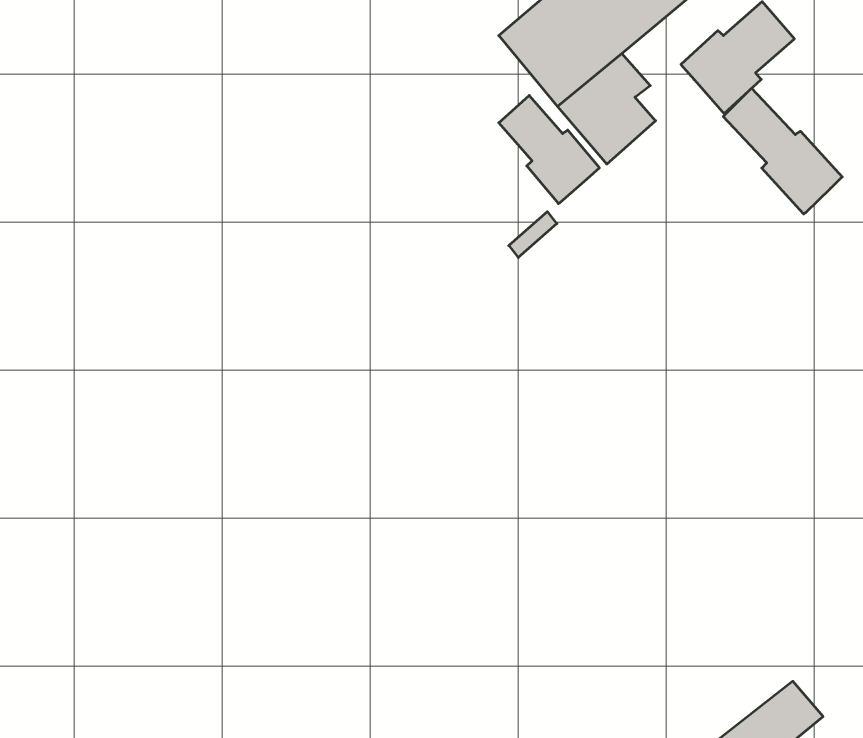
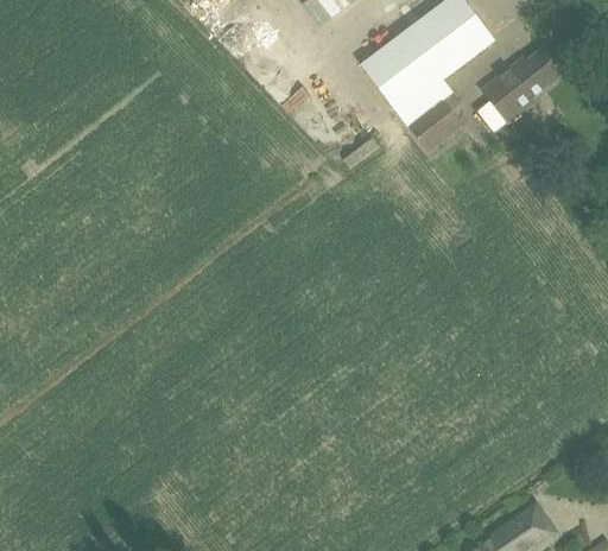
building: [723,88,842,214] -> none
building: [499,95,599,204] -> none

